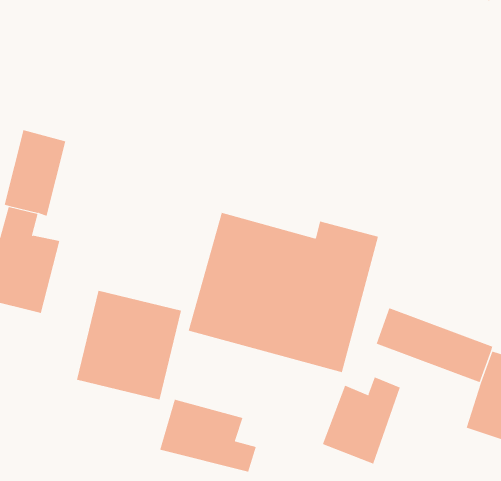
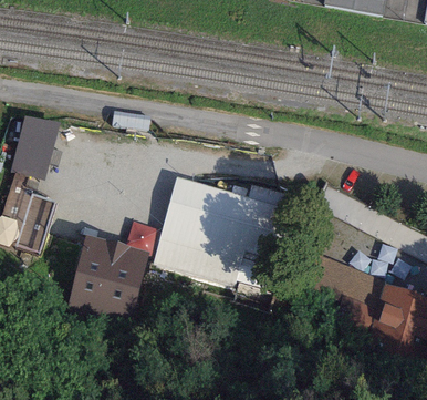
building: [322,377,401,465] -> none
building: [160,399,256,473] -> none

